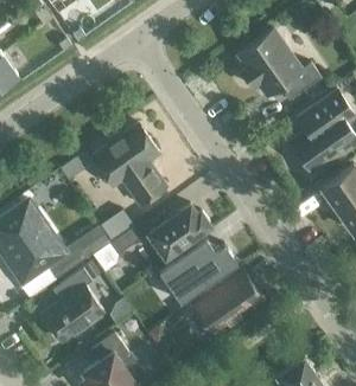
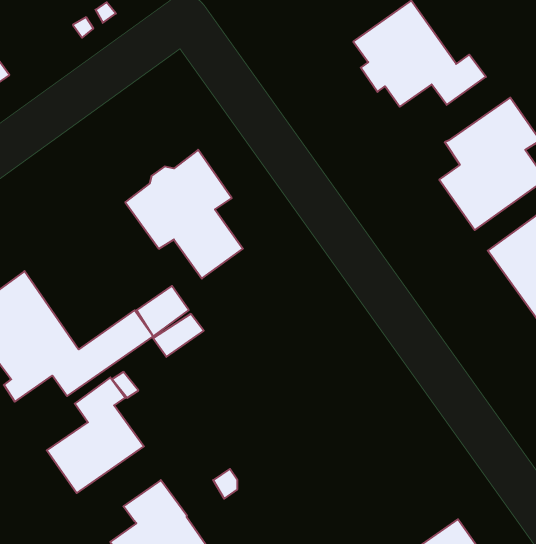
building: [148,205,209,258] -> none
building: [159,240,236,304] -> none
building: [192,272,265,339] -> none

